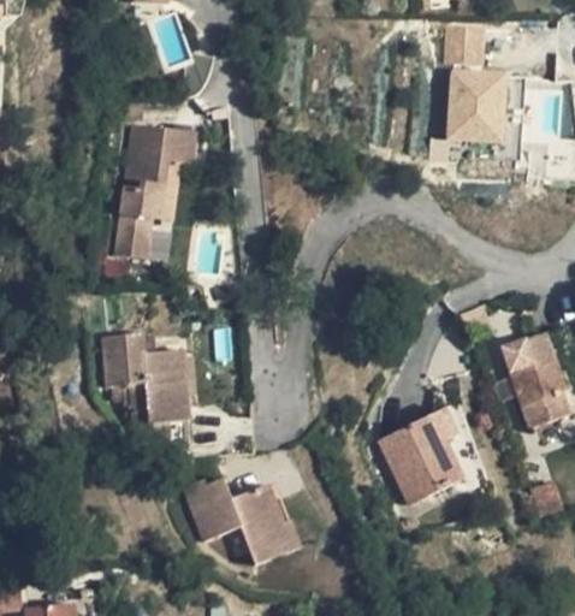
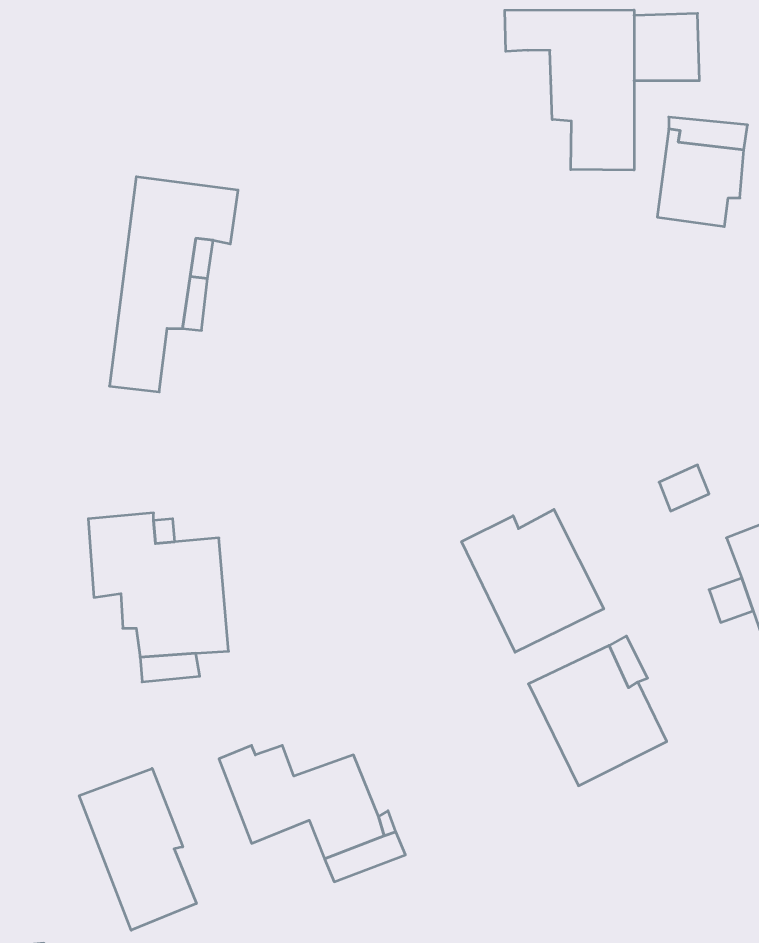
building: none -> [505,10,634,170]
building: none -> [462,509,604,652]
building: none -> [79,768,196,930]

